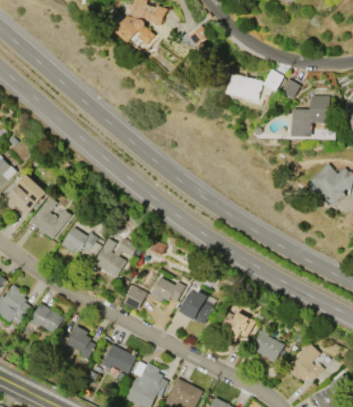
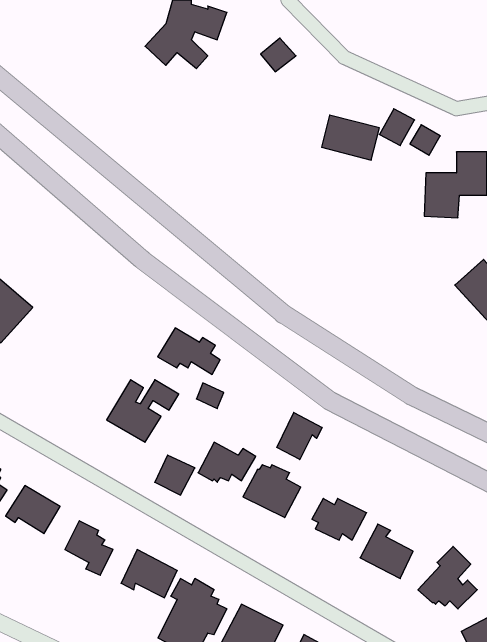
building: [30,197,71,239] -> none
building: [61,227,100,256] -> [158,328,220,374]
building: none -> [277,412,322,460]

